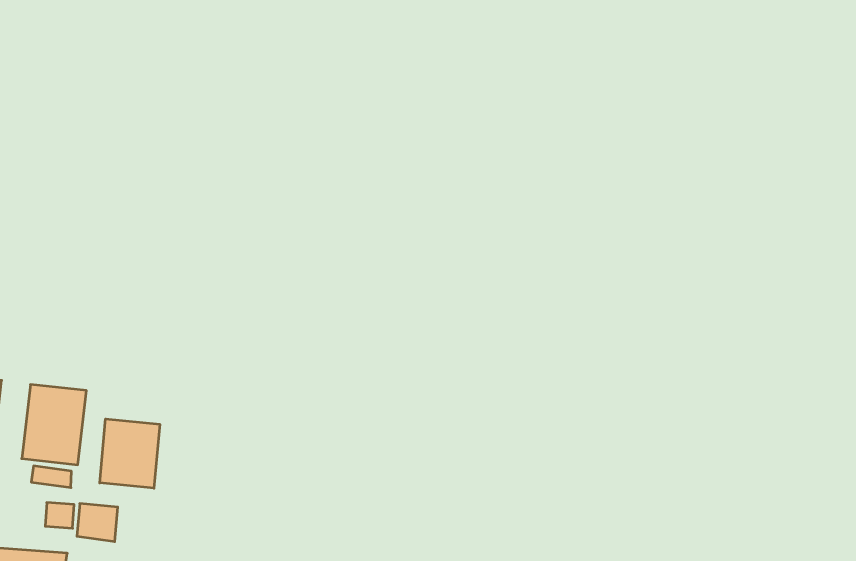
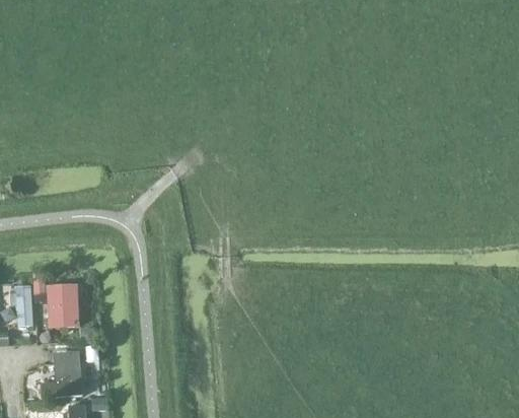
building: [100,419,160,488] -> none

